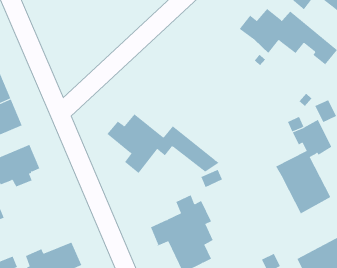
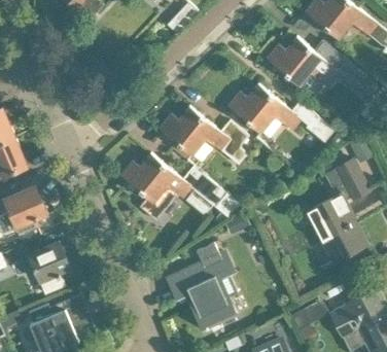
building: none -> [227,84,335,143]
building: none -> [159,106,248,166]
building: none -> [15,242,70,295]

